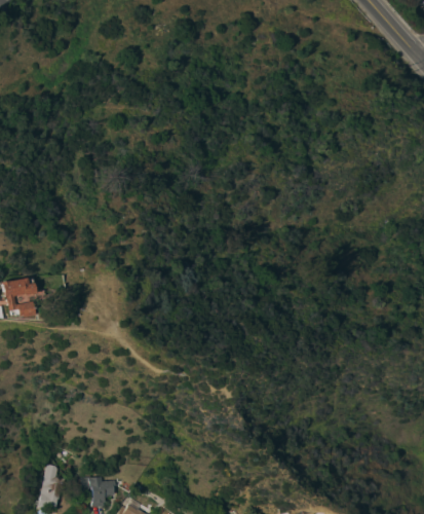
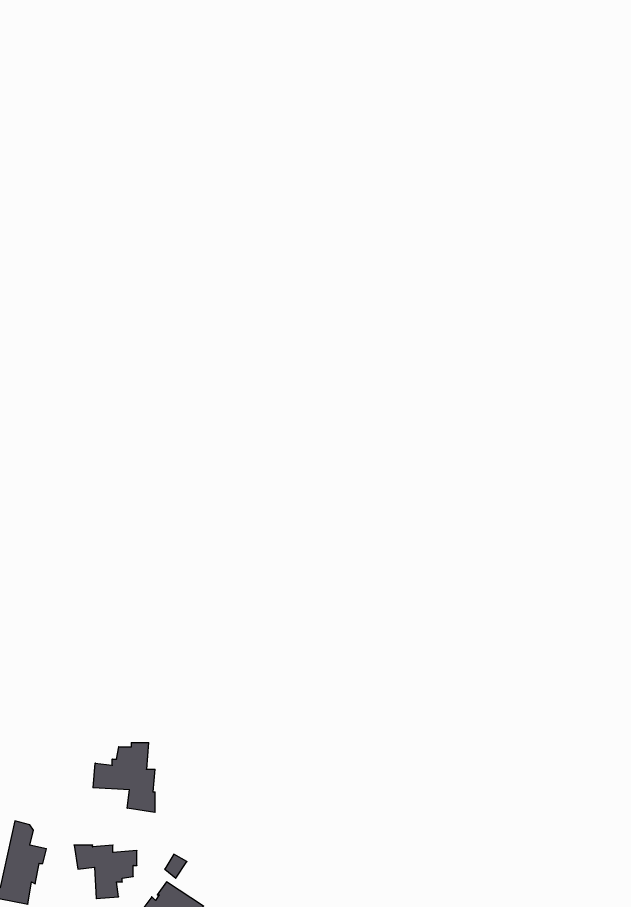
building: none -> [93,743,155,812]

